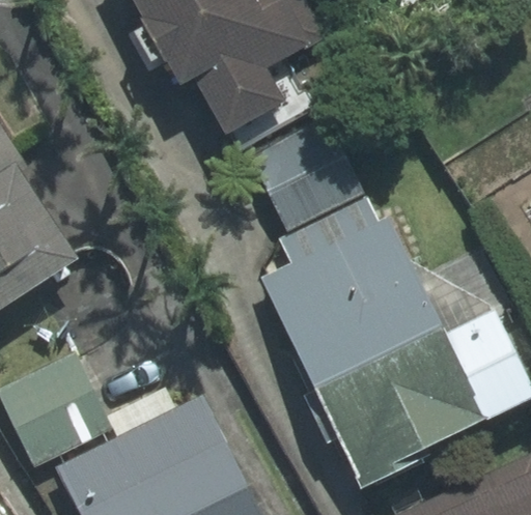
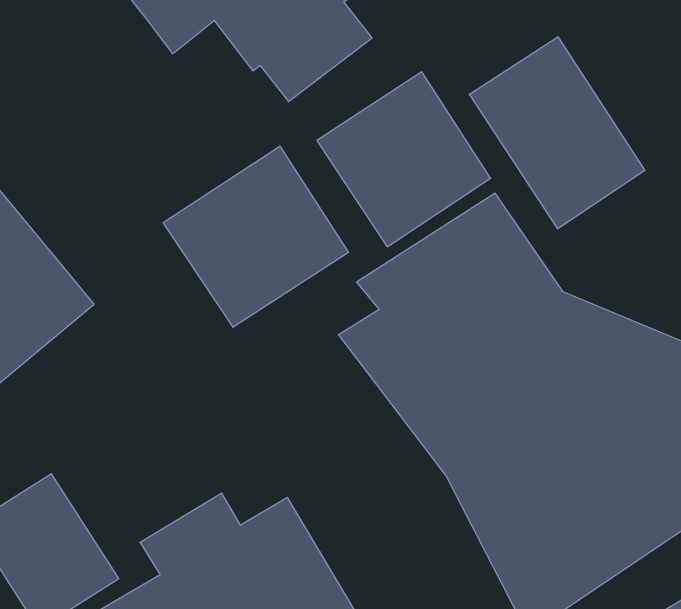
building: none -> [469,37,645,229]
building: none -> [163,146,349,327]

